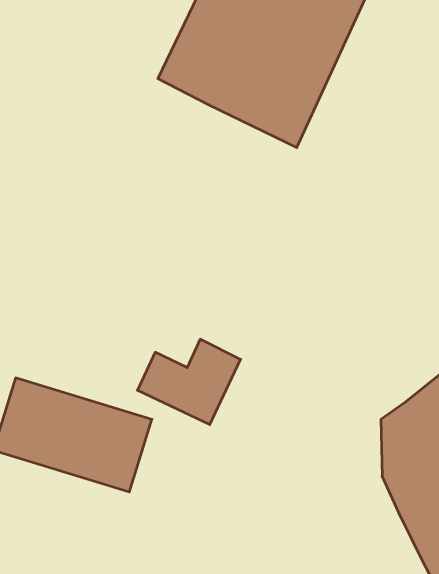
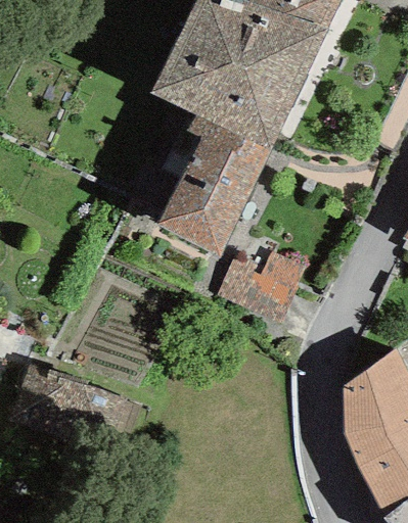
building: none -> [156,114,270,257]
building: [137,339,241,425] -> [217,249,306,323]

